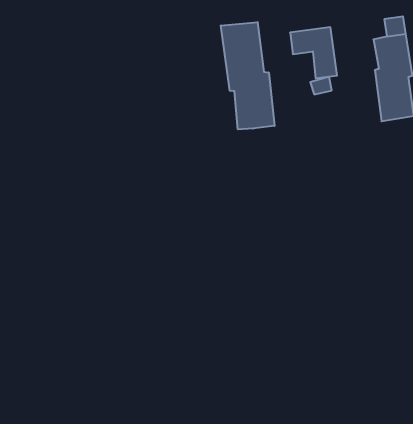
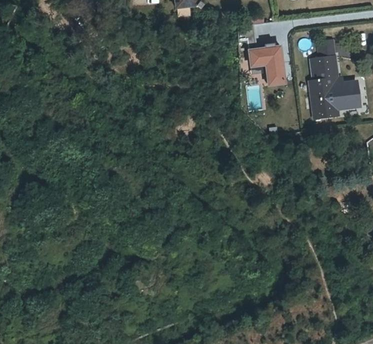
building: [221,22,275,129] -> none

